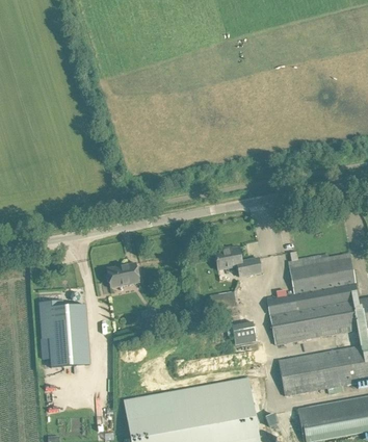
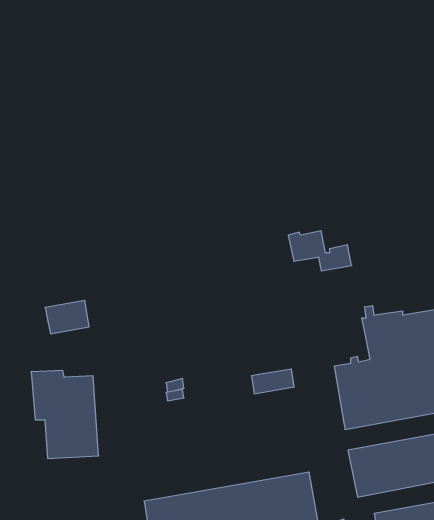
building: [214,246,262,277] -> [288,231,352,271]
building: [106,262,139,287] -> [45,301,89,334]
building: [232,320,256,344] -> none

